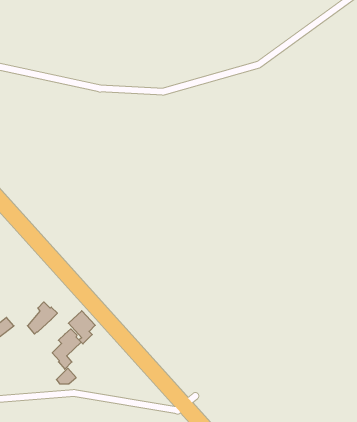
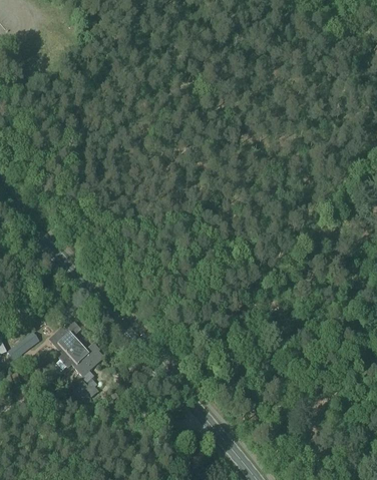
building: [68,311,95,344] -> [60,335,86,367]

